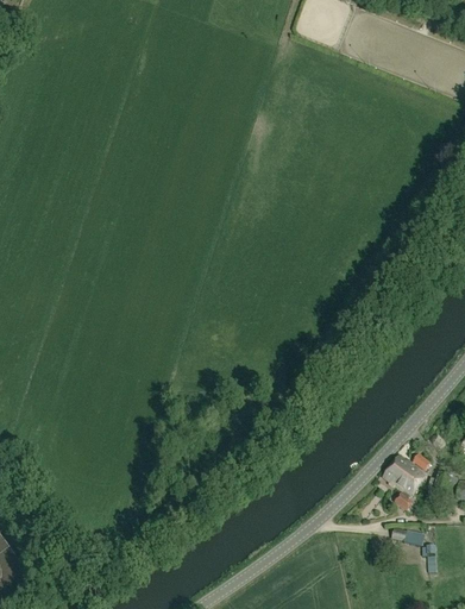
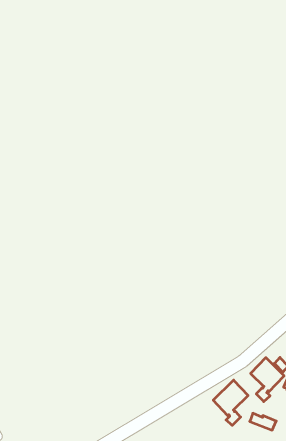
building: none -> [213,380,248,425]

